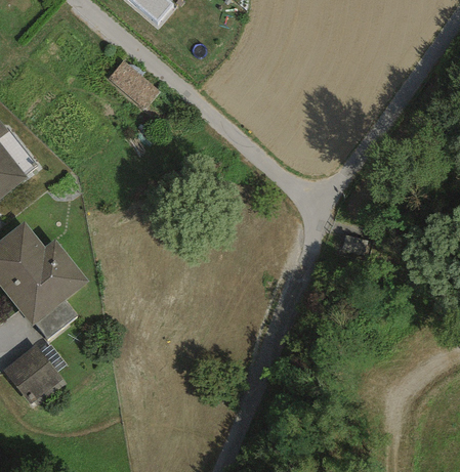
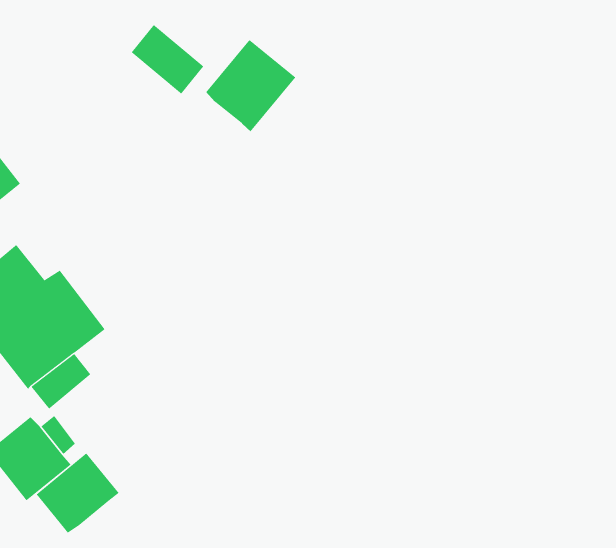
building: none -> [206,39,296,132]
building: none -> [36,452,120,533]

